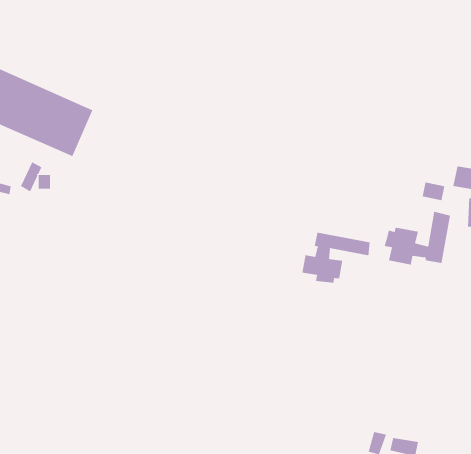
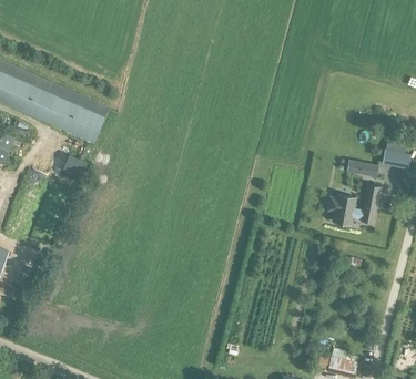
building: [302,232,370,284] -> none

